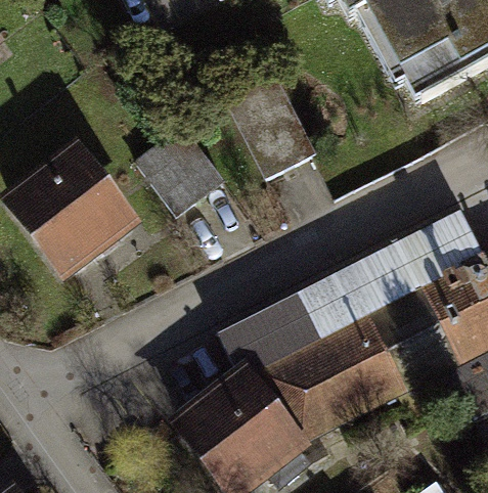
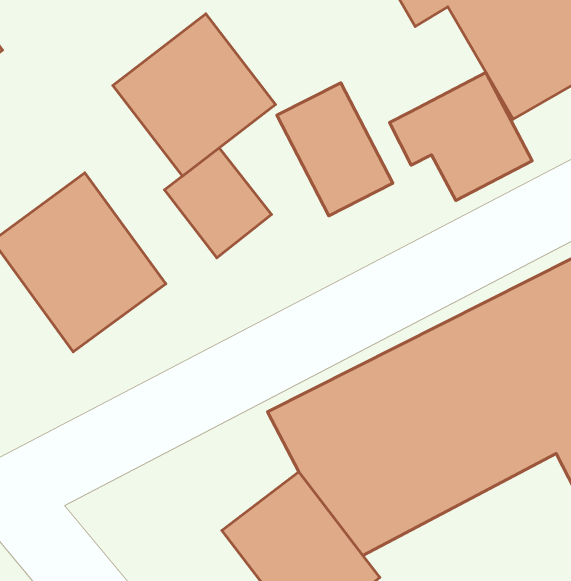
building: none -> [113,14,275,176]
building: none -> [390,73,532,201]

